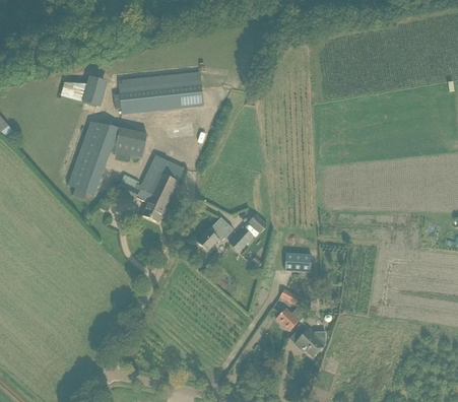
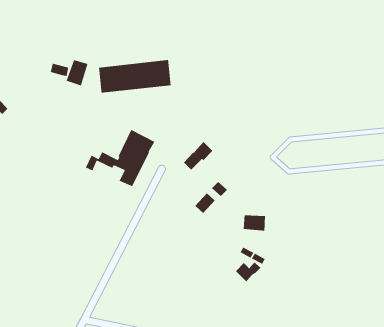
building: [67,121,147,195] -> none
building: [197,217,232,251] -> [183,141,213,170]
building: [293,328,325,357] -> none

